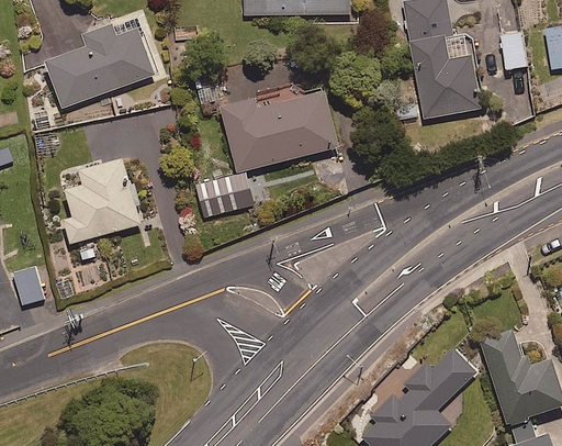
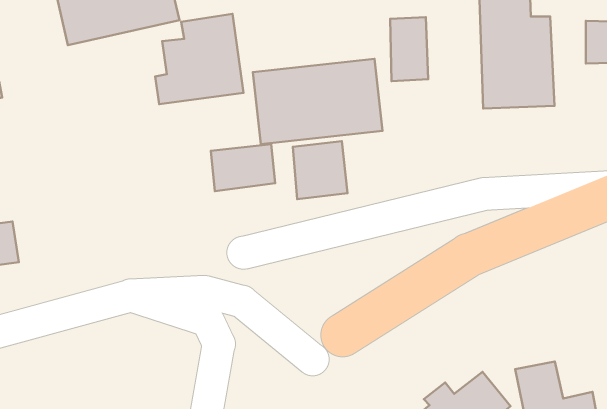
building: none -> [390,17,428,81]
building: [64,159,140,244] -> [155,14,243,104]
building: none -> [293,141,347,199]

